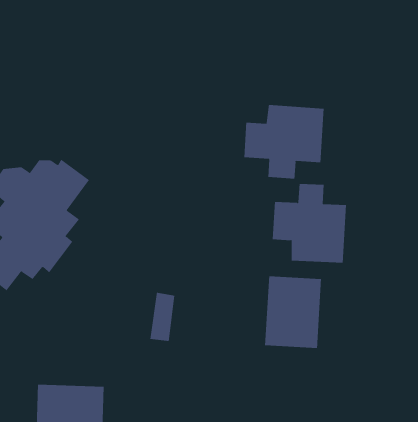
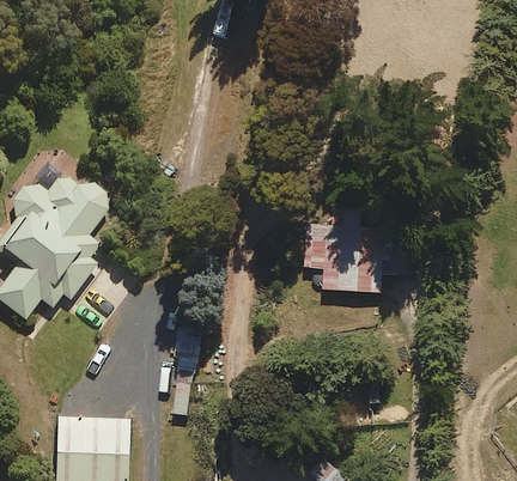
building: [244,104,324,180] -> none
building: [265,275,322,349] -> none

